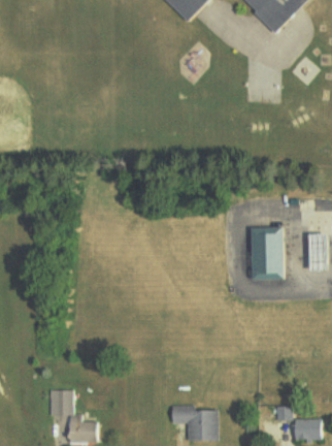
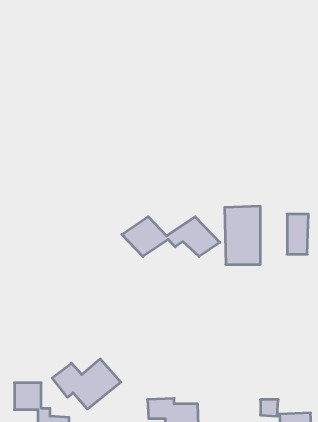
building: none -> [122,217,220,257]
building: none -> [52,359,121,409]

